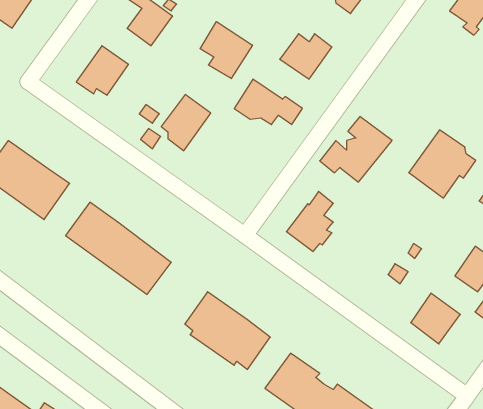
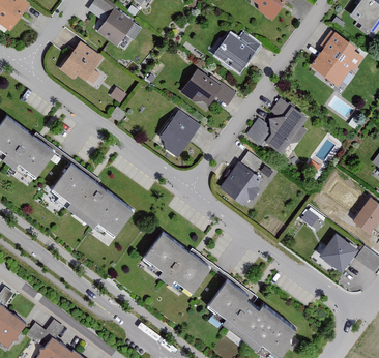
building: [200,22,253,79] -> none
building: [161,95,211,151] -> [159,112,198,155]
building: [409,130,476,198] -> [311,33,362,86]

